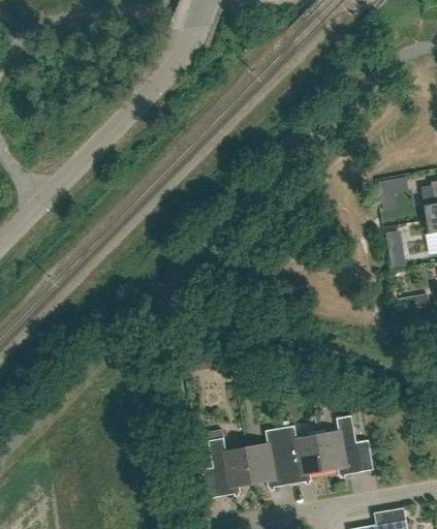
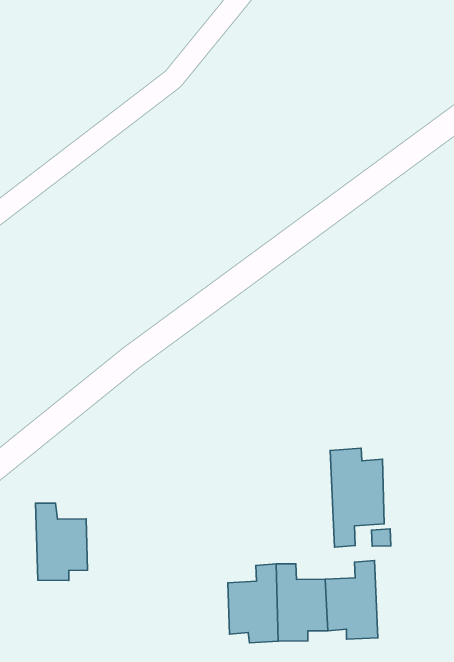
building: none -> [330,448,384,547]
building: [209,438,253,496] -> [36,503,87,580]

